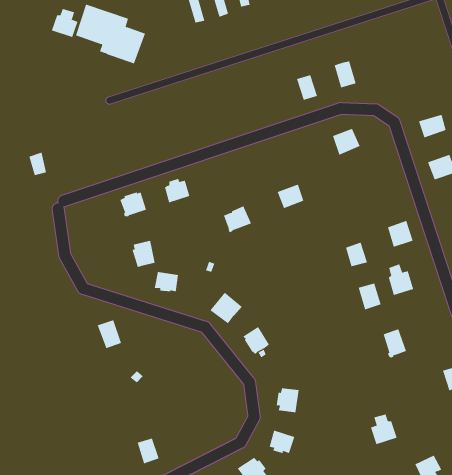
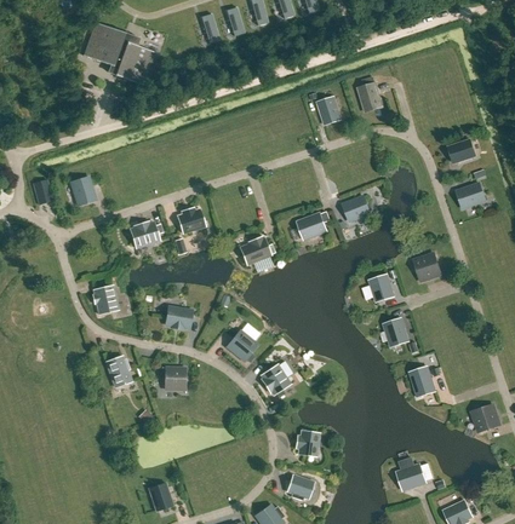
building: [51,8,78,38] -> none
building: [332,128,361,155] -> [342,195,372,224]
building: none -> [70,175,97,207]
building: [132,240,155,267] -> [91,286,116,315]
building: [388,263,414,296] -> none
building: none -> [165,365,187,391]

